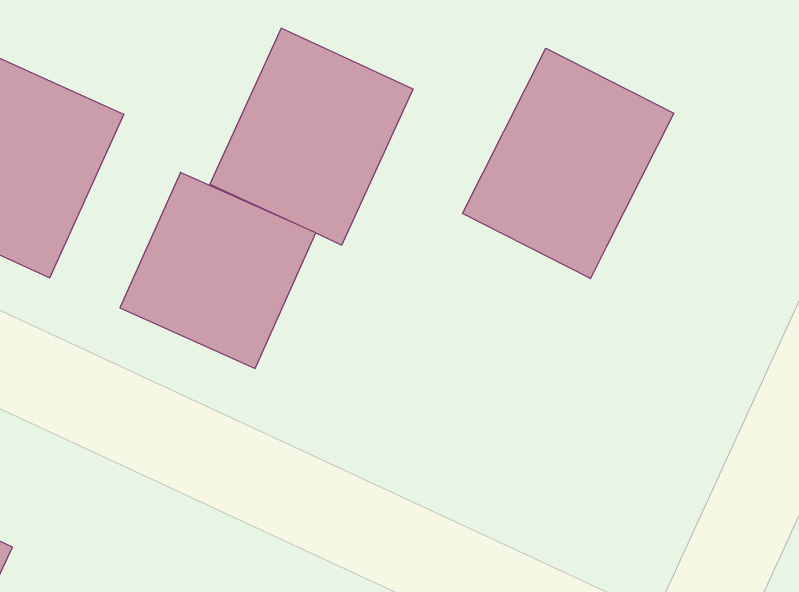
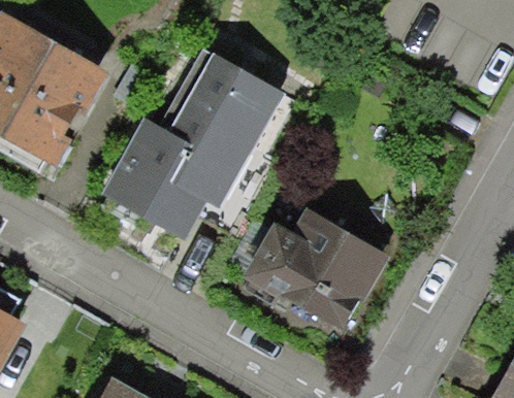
building: [463,48,674,279] -> none
building: none -> [250,192,396,338]

